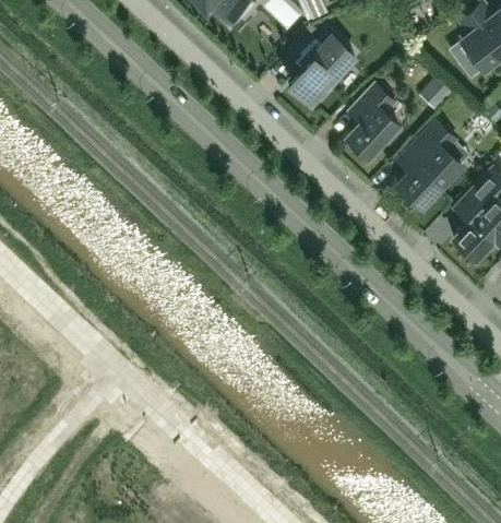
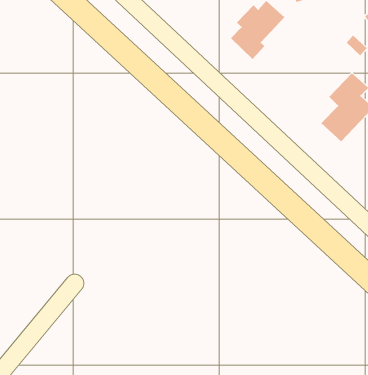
building: [346,85,401,158] -> none

